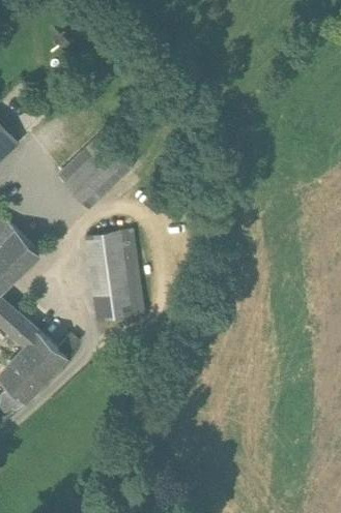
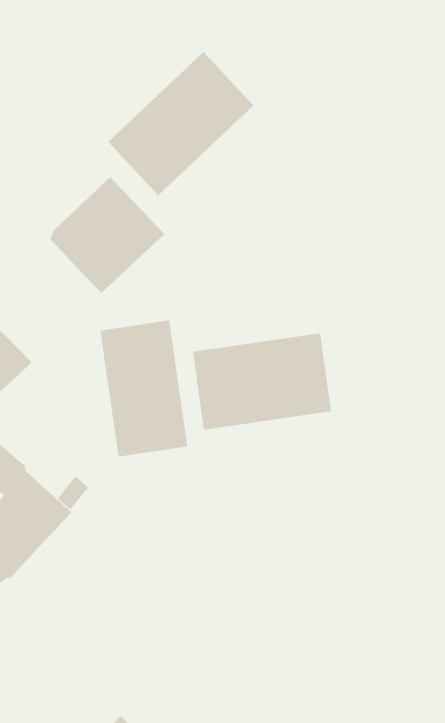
building: none -> [108,51,254,196]
building: none -> [193,333,332,430]

